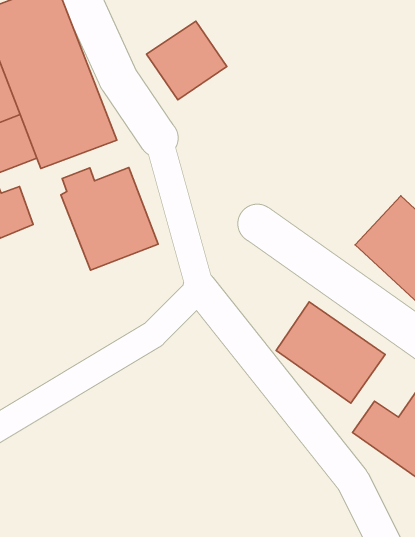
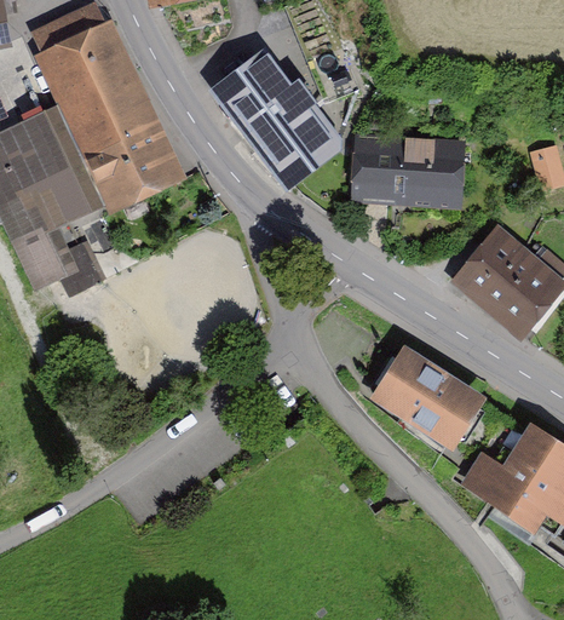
building: none -> [251,96,338,183]
building: none -> [350,136,465,208]
building: [61,168,158,270] -> none

